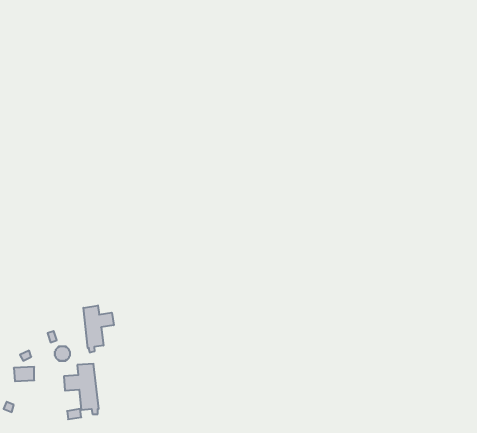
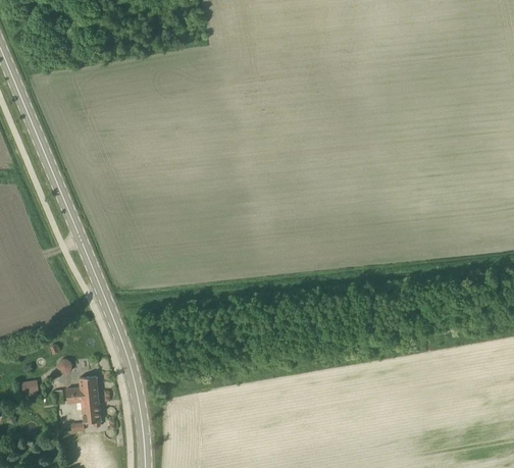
building: [83,305,114,353] -> none

